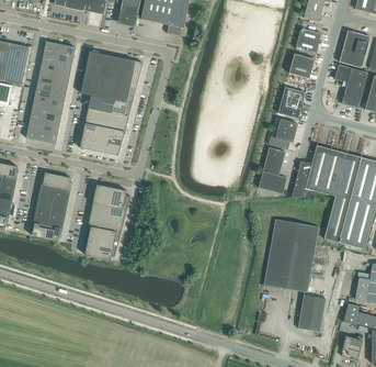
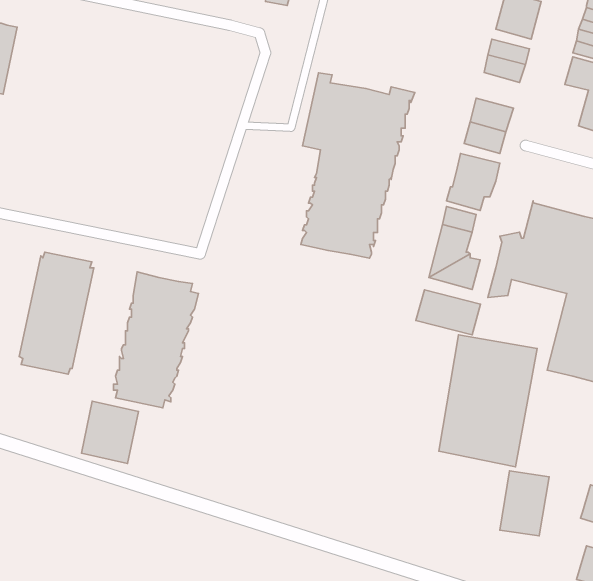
building: [26,41,76,144] -> none
building: [80,52,144,155] -> [301,73,415,258]
building: none -> [416,290,481,335]
building: none -> [81,401,138,463]

